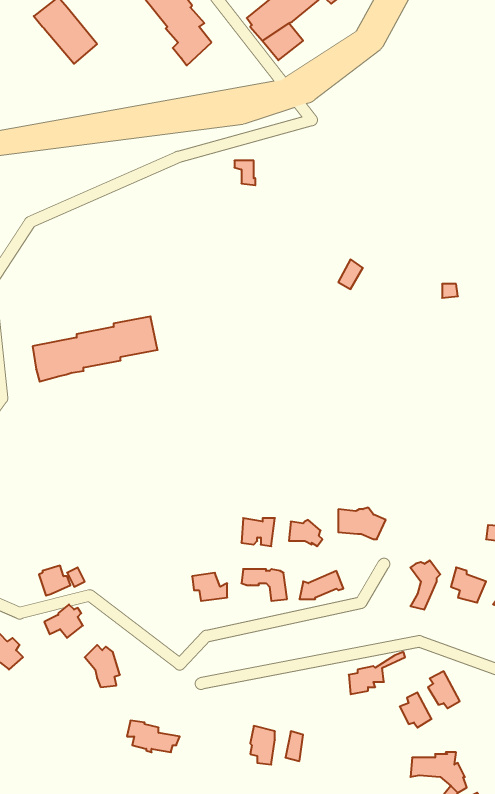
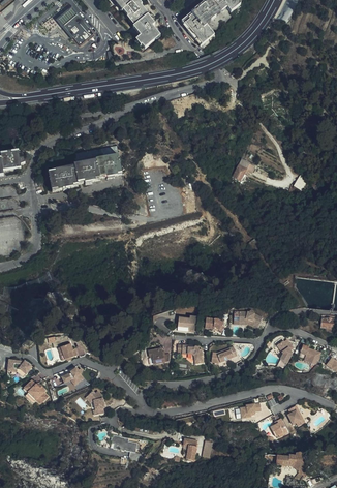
building: [33,316,158,382] -> [49,154,122,192]

